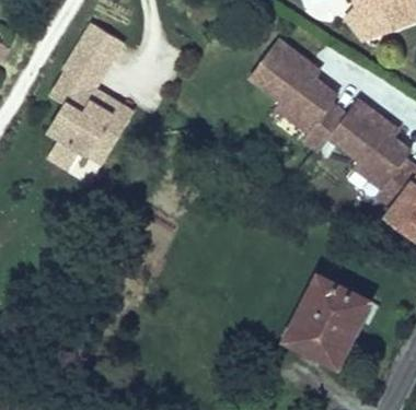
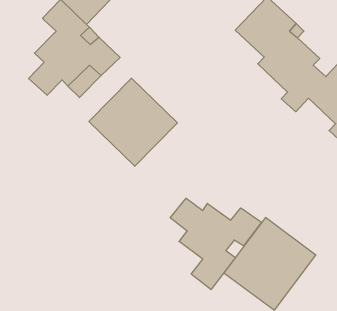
building: none -> [89,78,177,166]
building: none -> [170,198,261,290]

